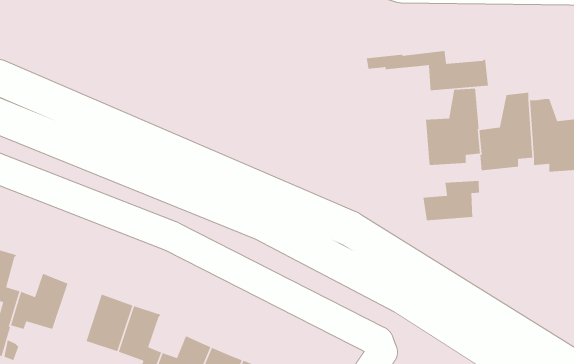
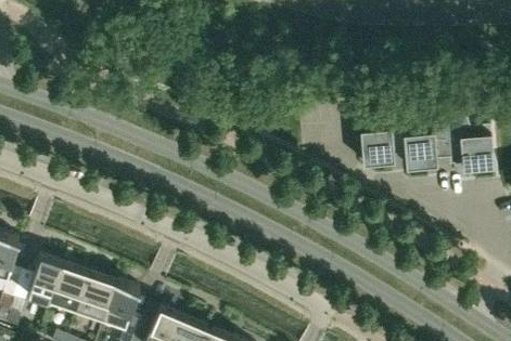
building: [366,50,489,91] -> none
building: [423,180,480,221] -> none
building: none -> [49,262,89,311]

